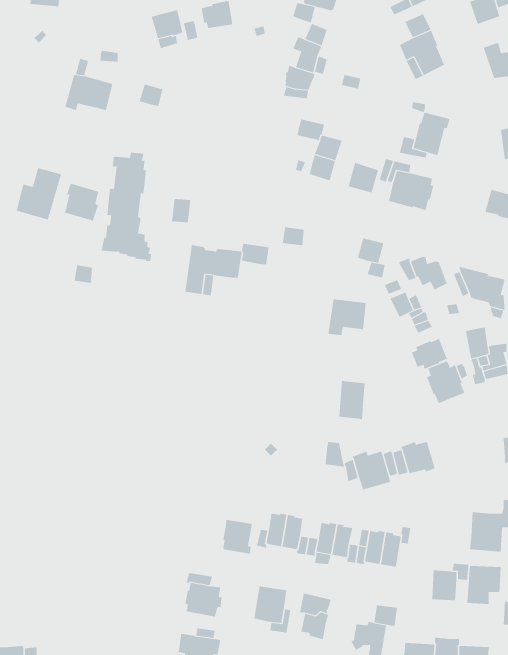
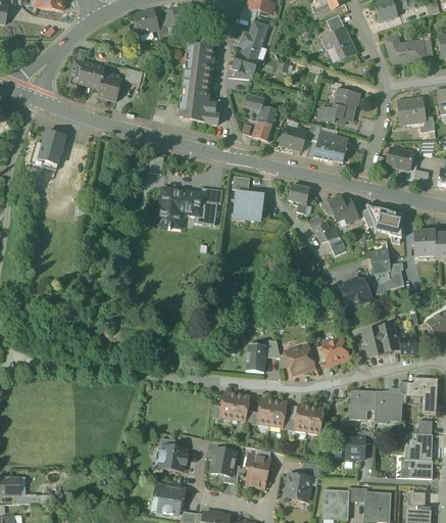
building: none -> [97,70,121,100]
building: [101,152,152,261] -> [179,41,217,124]
building: [64,183,99,222] -> none
building: none -> [194,200,217,225]
building: [327,299,367,335] -> [233,191,262,219]
building: [411,338,448,369] -> none
building: [339,381,366,420] -> [245,341,265,371]
building: none -> [362,323,398,355]
building: [221,519,253,554] -> none
building: [466,565,502,605] -> [349,389,376,419]

